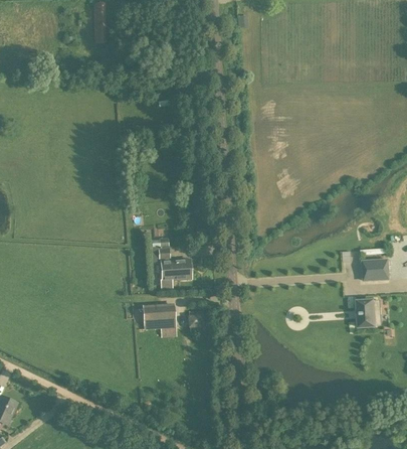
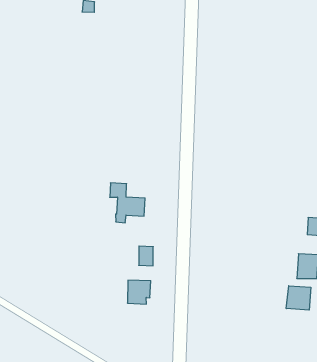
building: [150,302,175,328] -> [127,280,151,304]
building: none -> [286,286,311,310]

